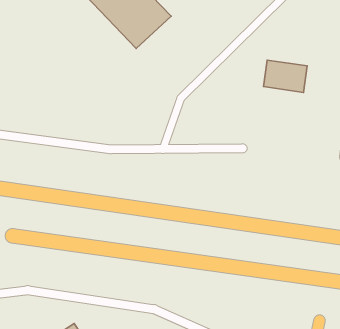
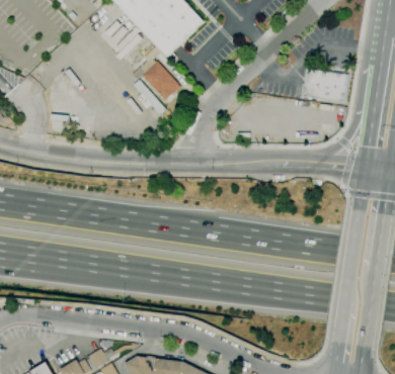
building: none -> [139,46,180,101]

